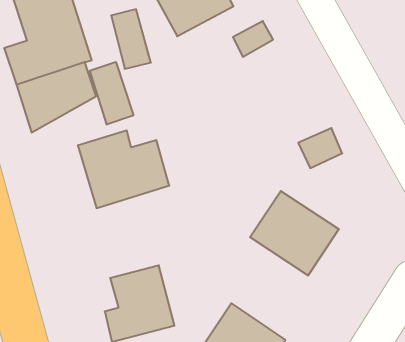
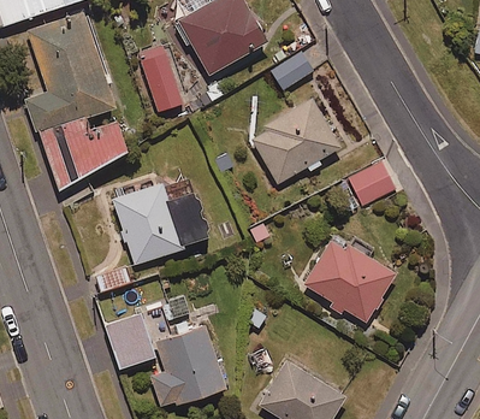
building: [90,62,133,125] -> none
building: none -> [247,98,342,187]
building: none -> [106,314,156,368]

